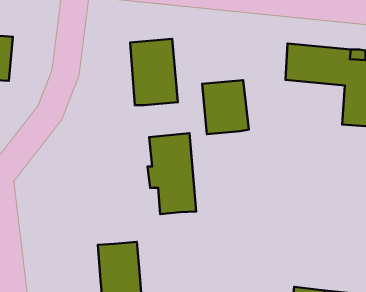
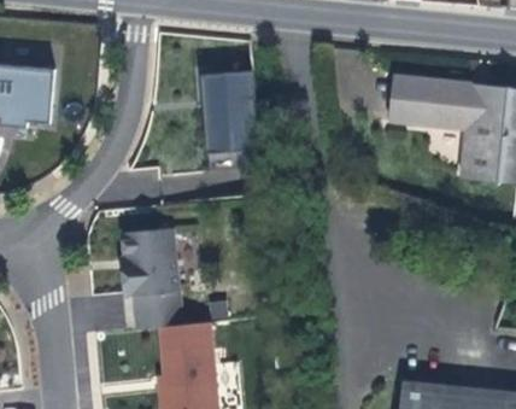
building: [202,80,249,134] -> none
building: [147,133,196,214] -> [121,229,181,329]

